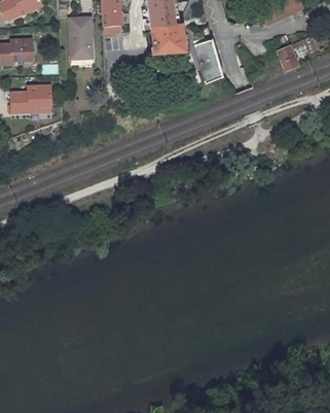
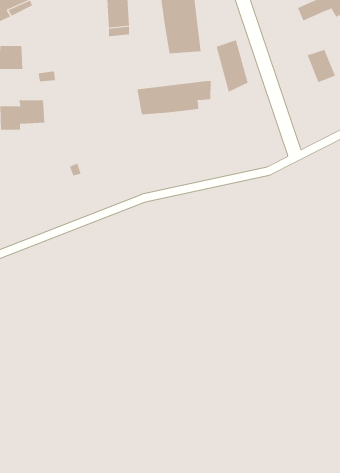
building: [69,13,90,56] -> none
building: none -> [137,80,211,115]

